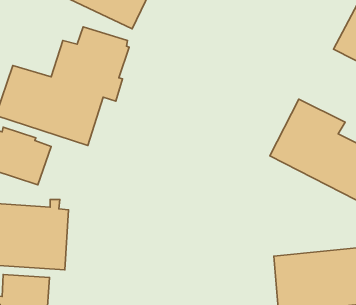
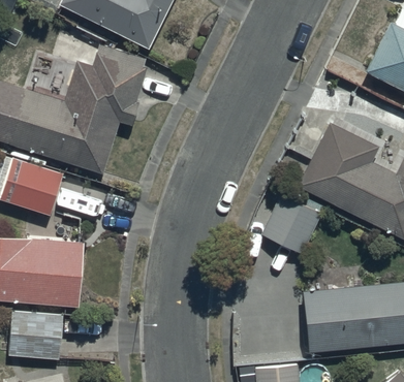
building: none -> [260,196,321,256]

